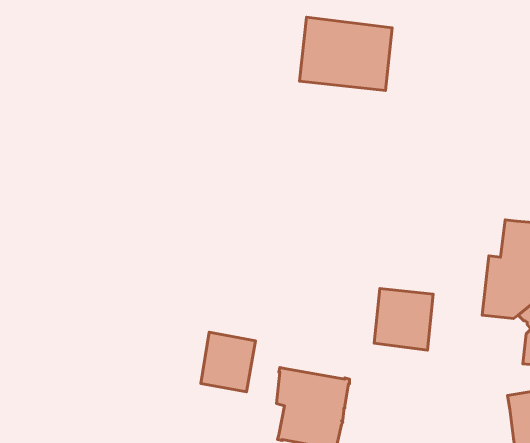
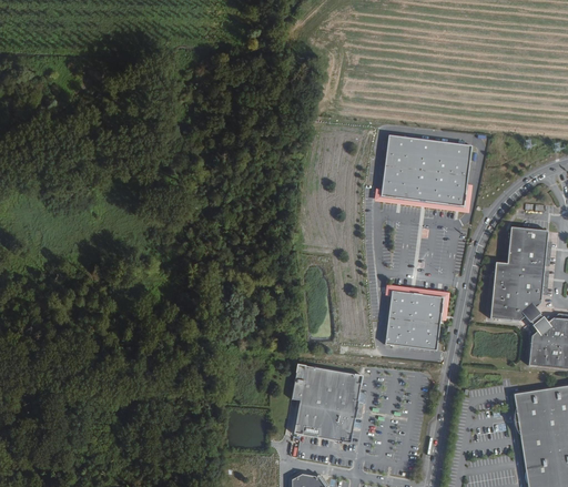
building: [299,17,392,90] -> [381,135,469,205]
building: [201,332,256,392] -> none

